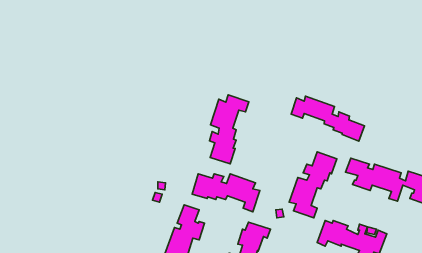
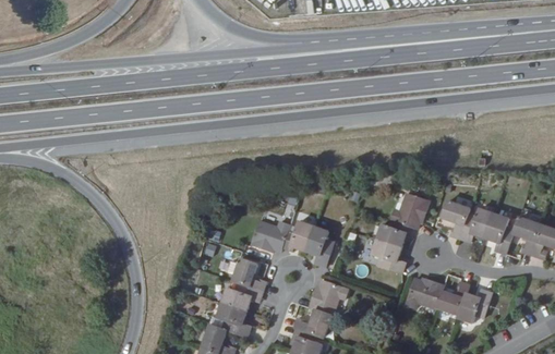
building: [209,95,249,164] -> none
building: [291,96,365,141] -> none

